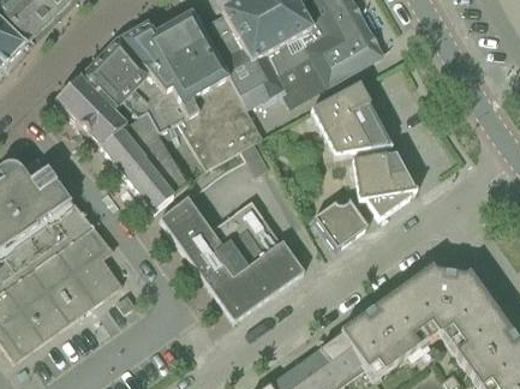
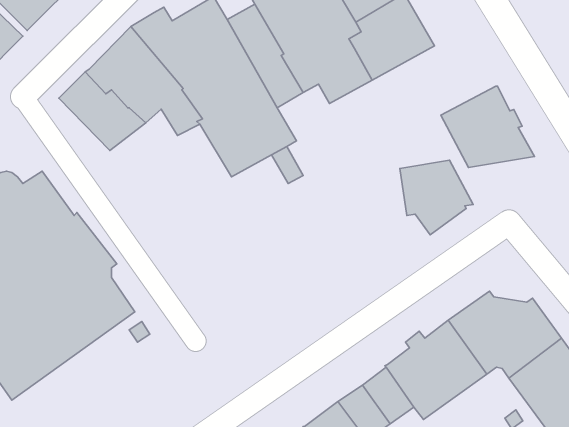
building: [311,84,393,155] -> [441,86,535,168]
building: [101,108,190,210] -> none
building: [160,196,305,321] -> none
building: [315,199,369,249] -> none

